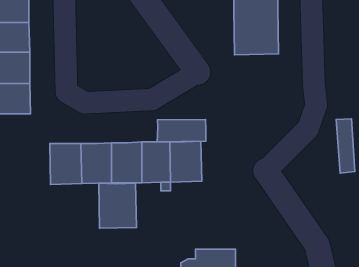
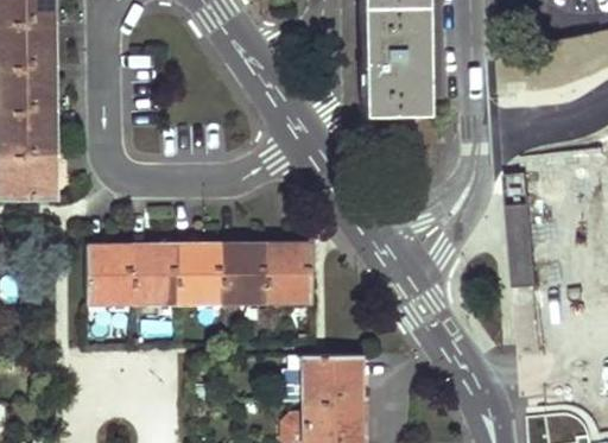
building: [157,120,206,142] -> none
building: [99,183,136,228] -> none
building: none -> [284,354,362,401]

